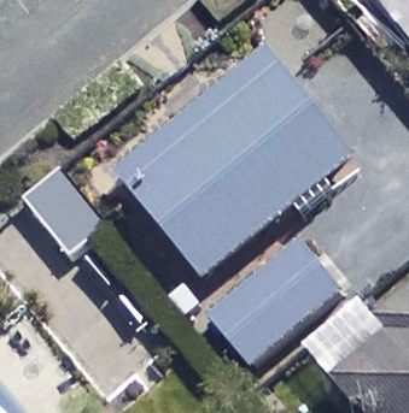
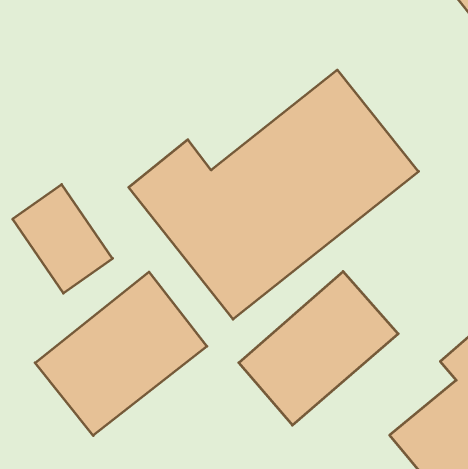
building: none -> [35,272,207,436]

